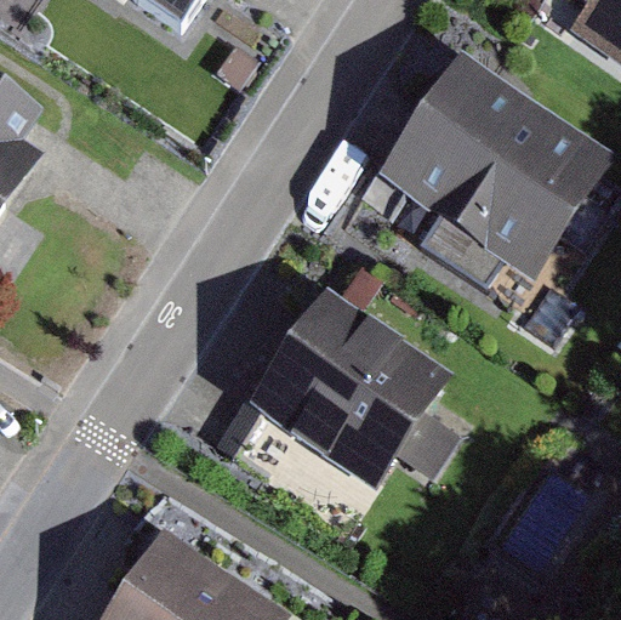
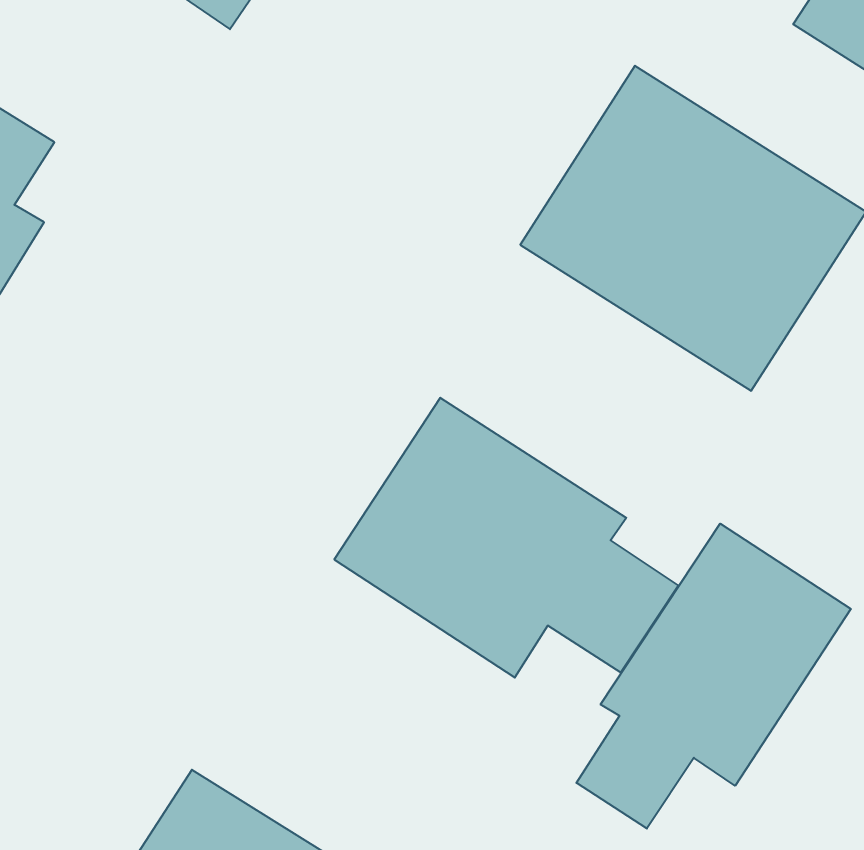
building: none -> [576,524,851,829]

